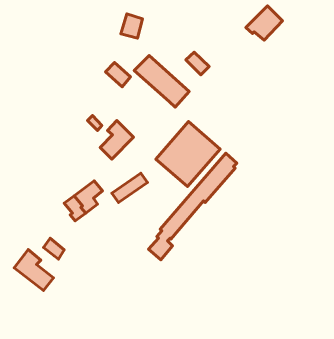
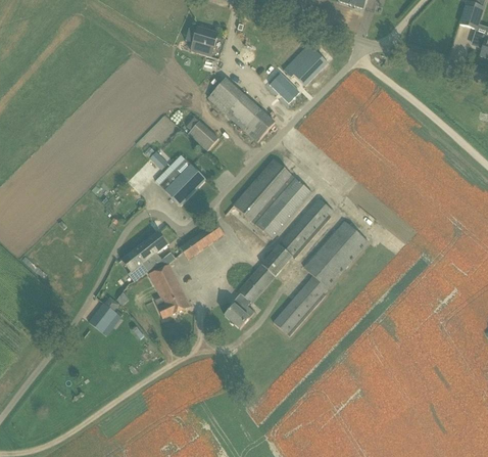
building: [246,6,283,40] -> [282,43,327,85]
building: [105,62,130,87] -> [187,121,217,150]
building: none -> [273,221,368,335]
building: none -> [148,262,190,318]
building: [14,249,53,291] -> none

